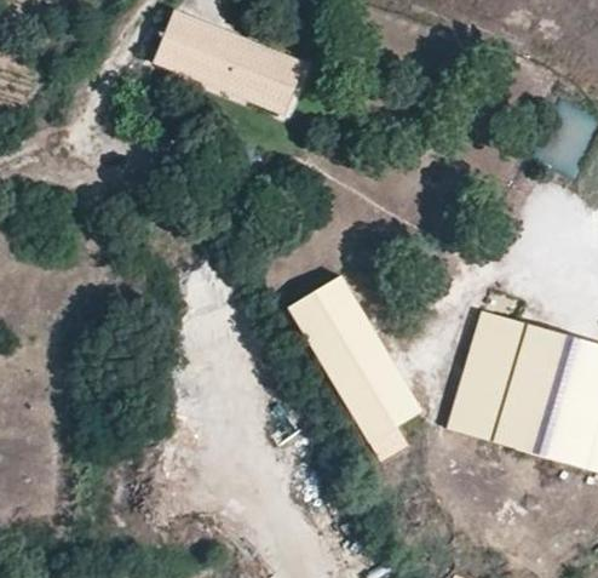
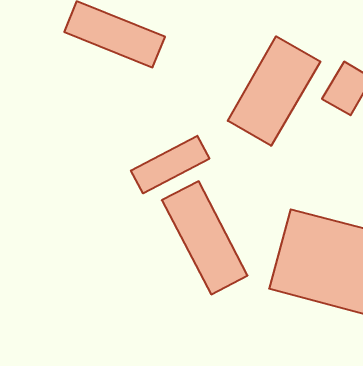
building: none -> [228,36,320,146]
building: none -> [131,136,209,193]

